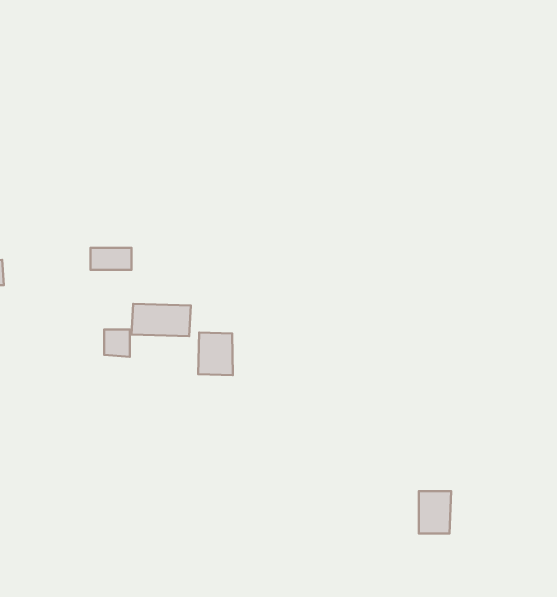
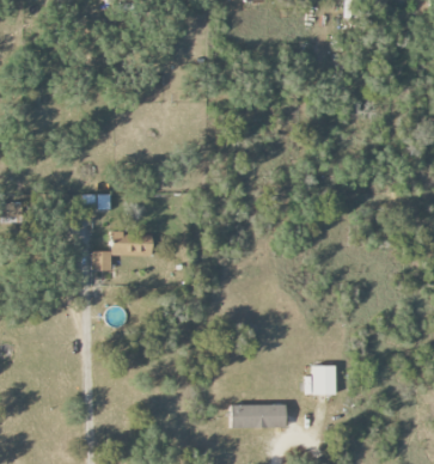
building: [198,333,233,375] -> none
building: none -> [231,404,287,428]

